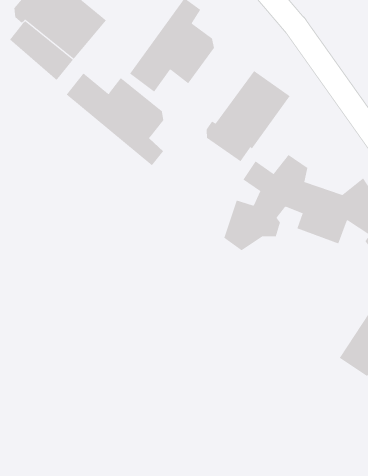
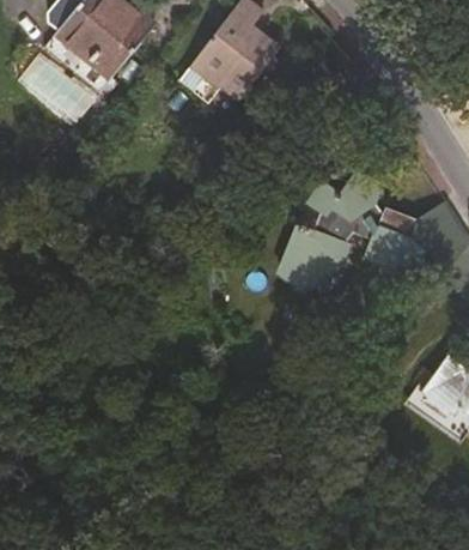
building: [206,70,291,162] -> none
building: [66,72,164,166] -> none

